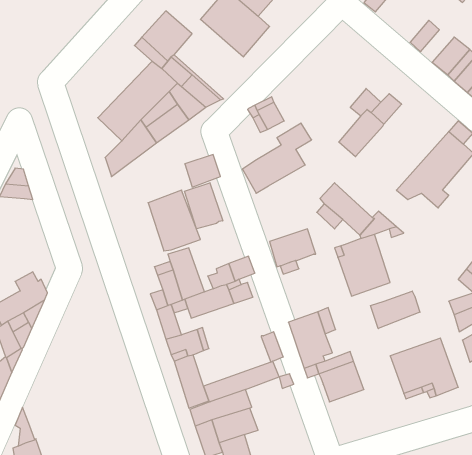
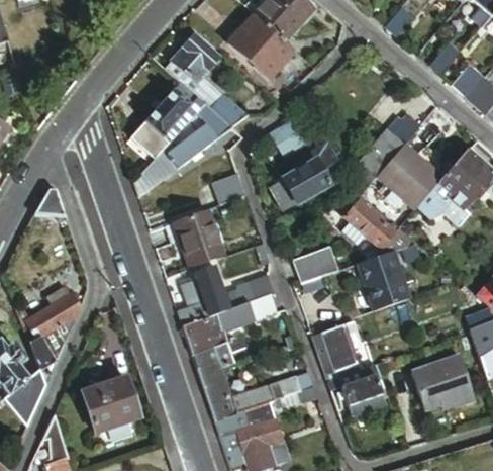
building: none -> [376,147,442,211]
building: [185,183,223,229] -> none
building: [371,291,420,329] -> none
building: none -> [83,378,140,434]

